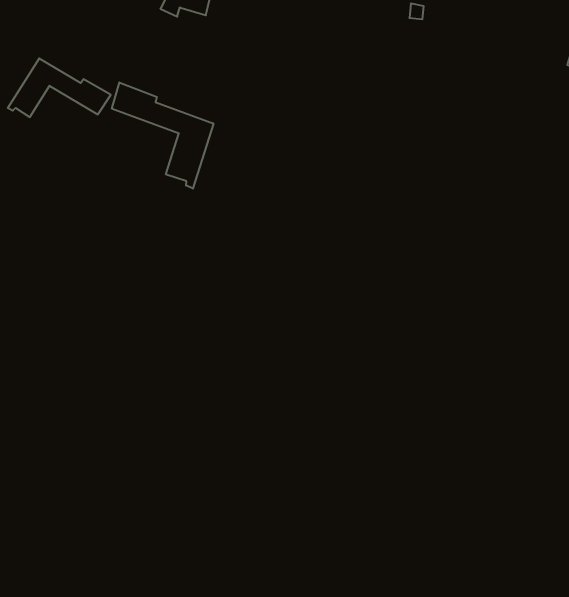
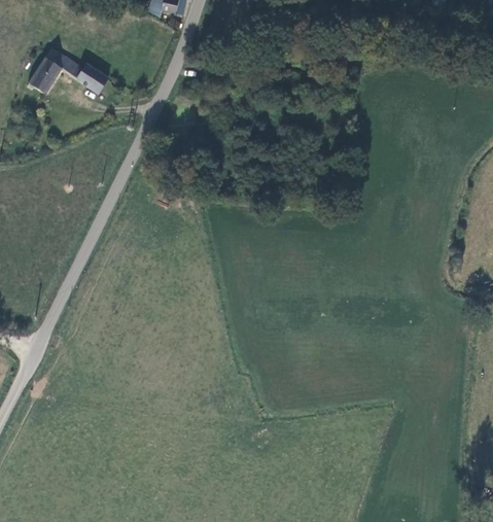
building: [112,82,213,189] -> none

